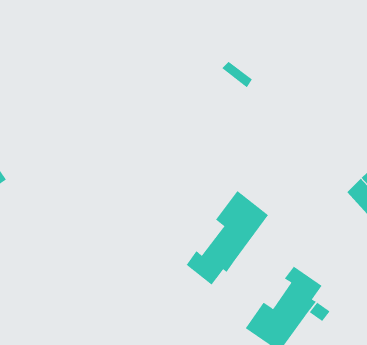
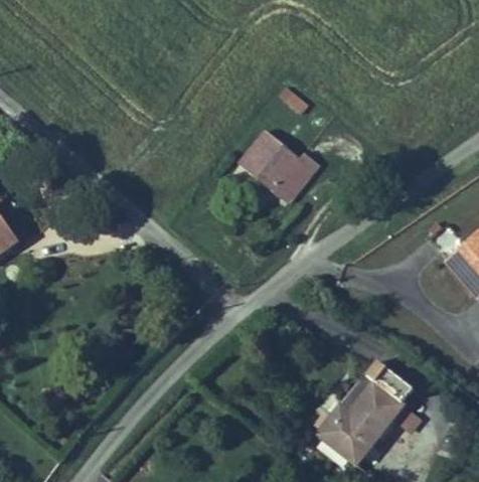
building: none -> [242,133,329,208]
building: [186,190,269,285] -> none

